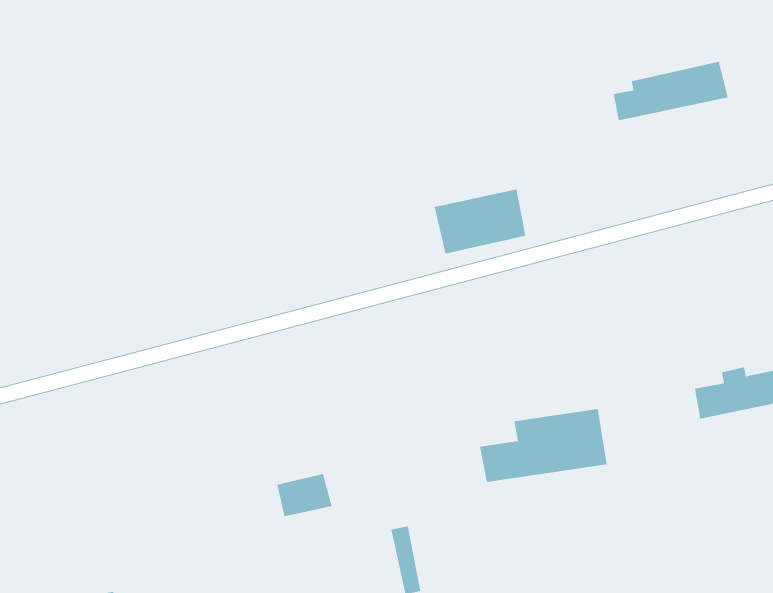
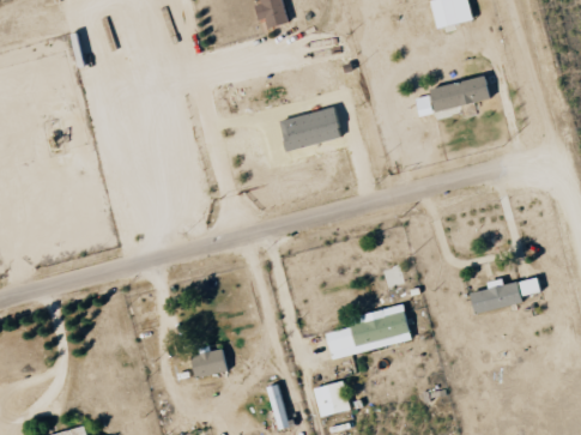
building: [434,189,526,254] -> [280,107,341,150]
building: none -> [314,381,349,416]

